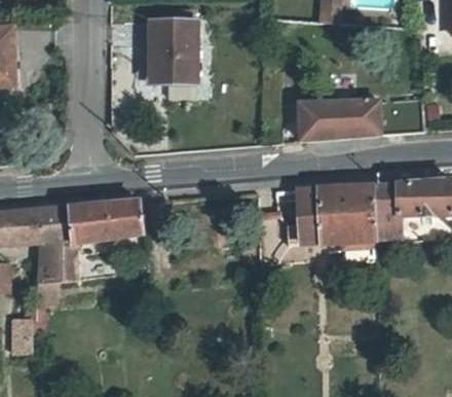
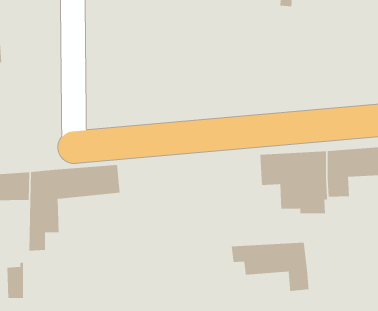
building: [148,21,194,79] -> none
building: [299,95,422,139] -> none
building: none -> [231,242,309,292]

